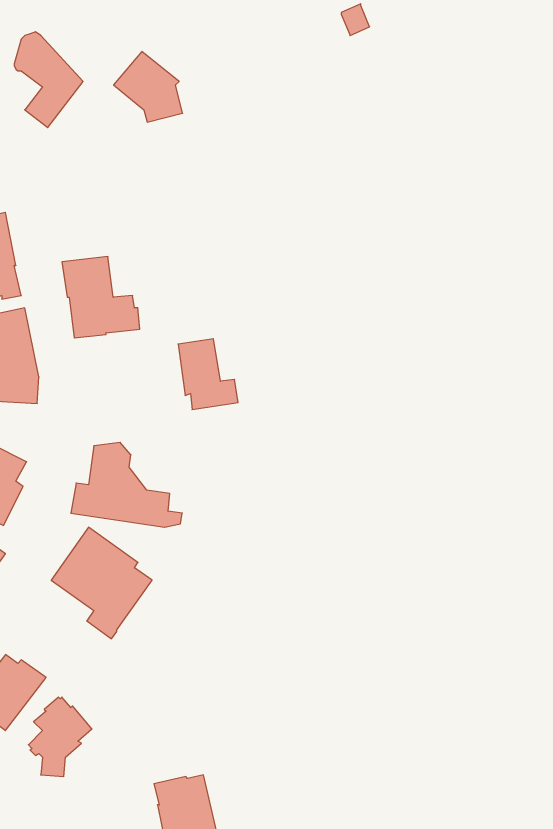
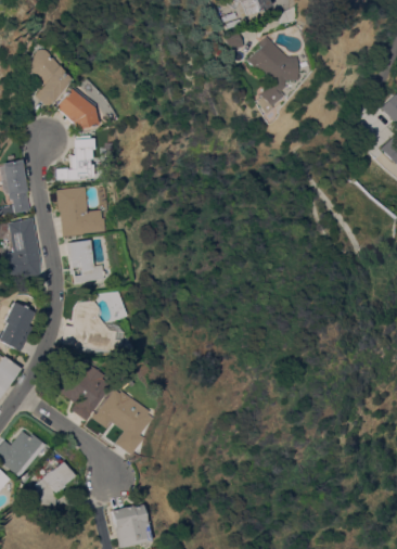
building: none -> [249,36,297,114]
building: [114,51,183,122] -> [54,87,97,130]
building: none -> [53,136,93,180]
building: [178,339,238,410] -> [67,240,104,283]
building: none -> [92,390,152,455]

